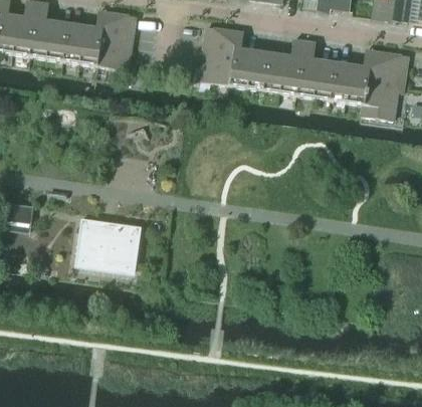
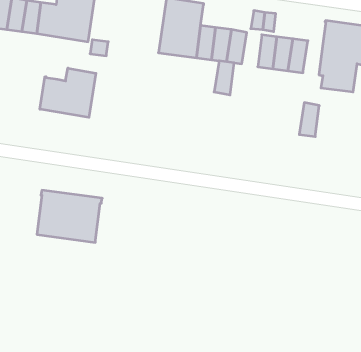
building: [281,60,301,94] -> [214,61,234,95]
building: [343,68,363,103] -> [299,103,319,137]
building: none -> [40,68,96,117]

